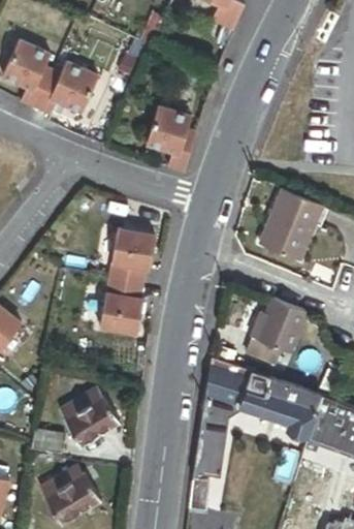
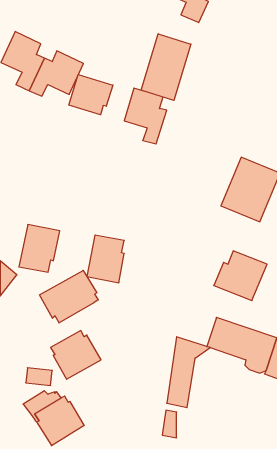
building: none -> [141,34,191,100]
building: none -> [69,75,113,115]
building: [110,228,158,284] -> [19,225,60,272]
building: none -> [40,270,98,323]
building: [205,360,252,408] -> none

